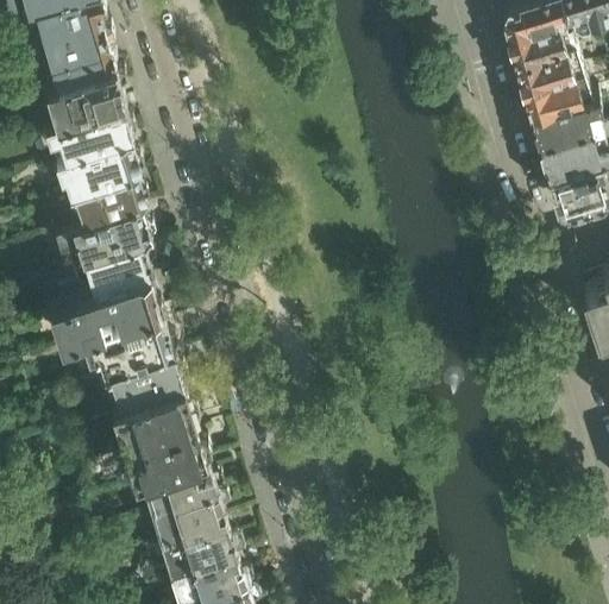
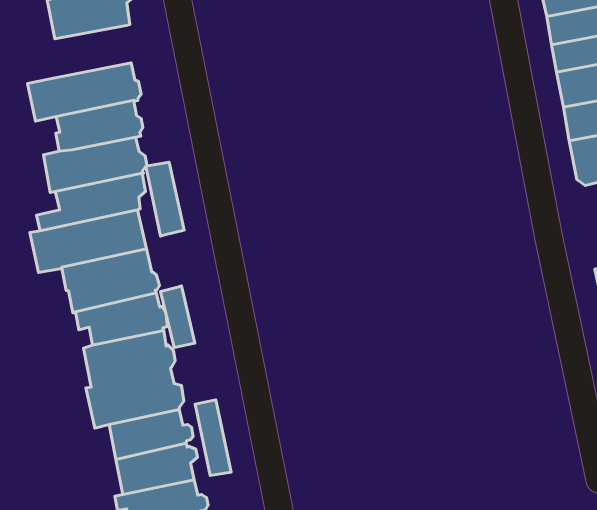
building: [43,107,133,164] -> none
building: none -> [146,162,184,236]
building: none -> [160,286,195,347]
building: none -> [195,400,231,476]

